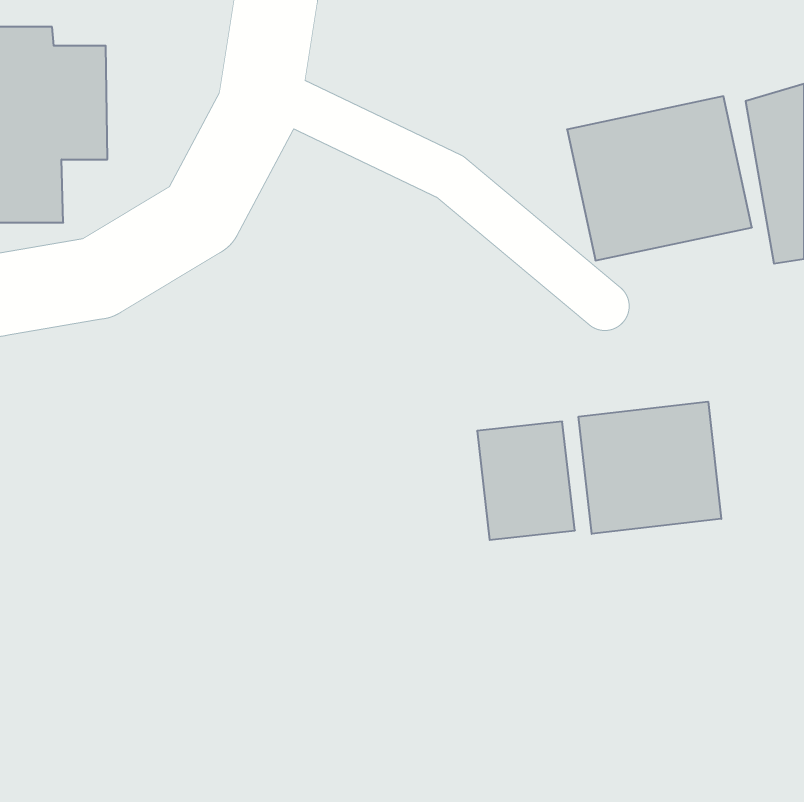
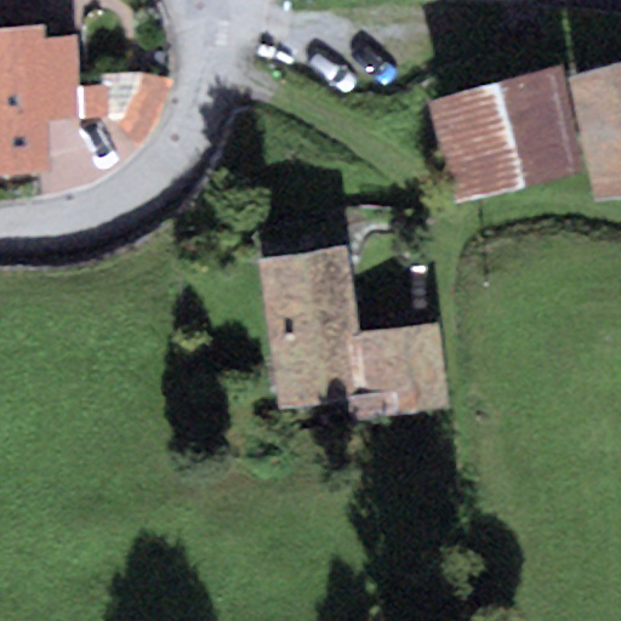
building: none -> [258,246,366,422]
building: [579,402,721,534] -> none

